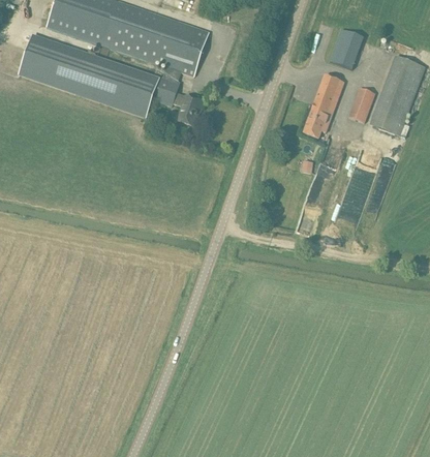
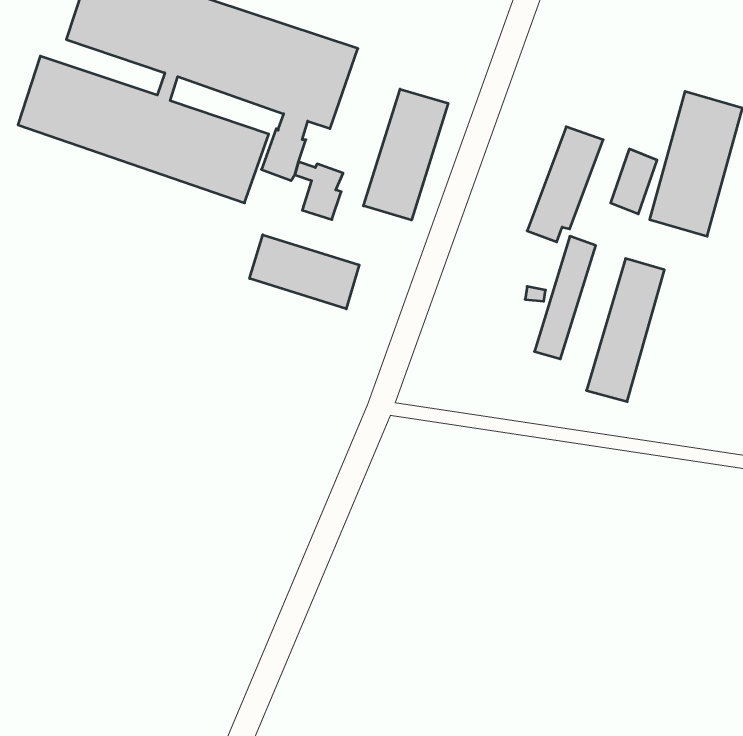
building: [330,28,364,68] -> none
building: none -> [363,89,448,220]
building: none -> [250,235,359,309]

